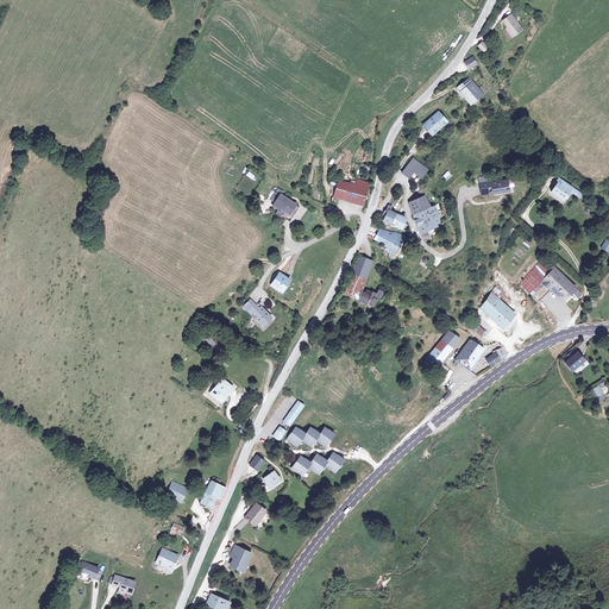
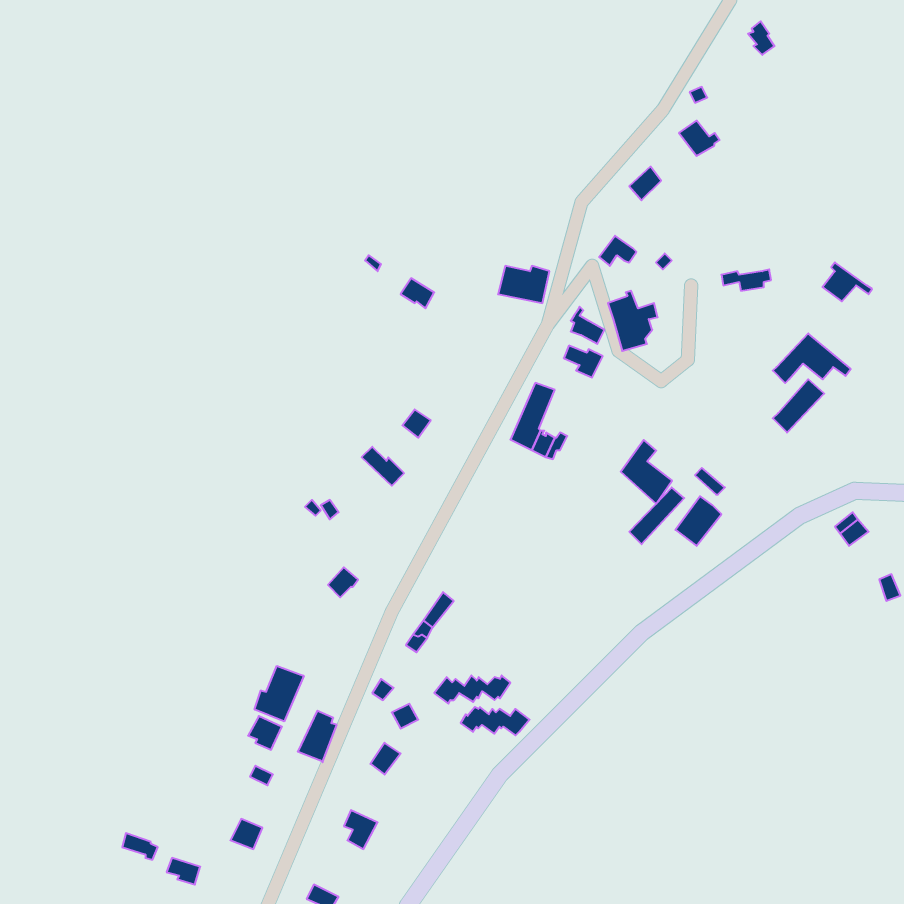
building: [529,265,582,299] -> [773,333,851,383]
building: [479,288,514,331] -> [621,440,672,504]
building: [287,426,333,445] -> [461,707,530,735]
building: none -> [255,666,304,721]

